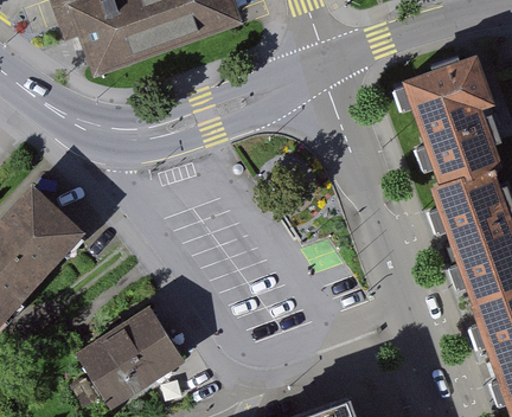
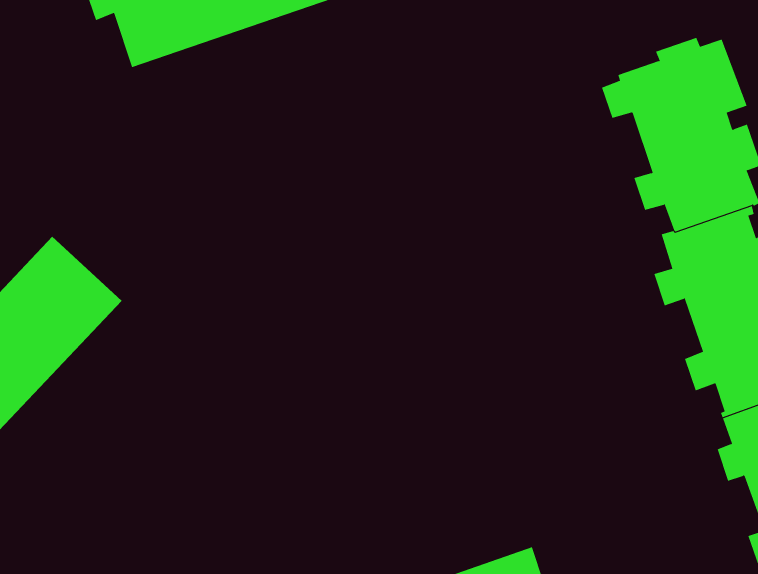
building: [83,306,185,399] -> none

